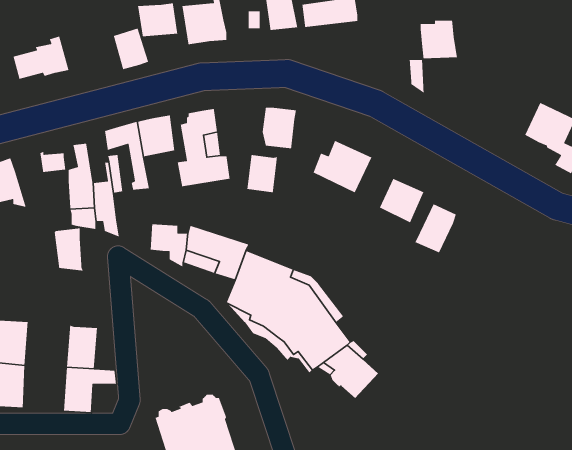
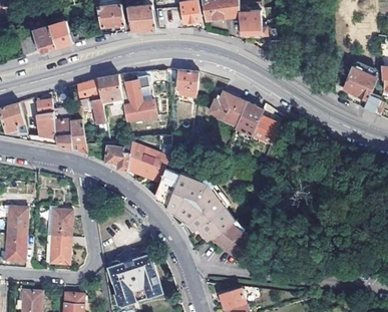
building: [420,20,458,59] -> [238,10,262,35]
building: [113,27,149,70] -> [48,20,71,47]
building: [247,154,278,193] -> none
building: [414,203,457,254] -> [235,102,262,134]
building: [54,227,84,272] -> [36,110,55,138]

